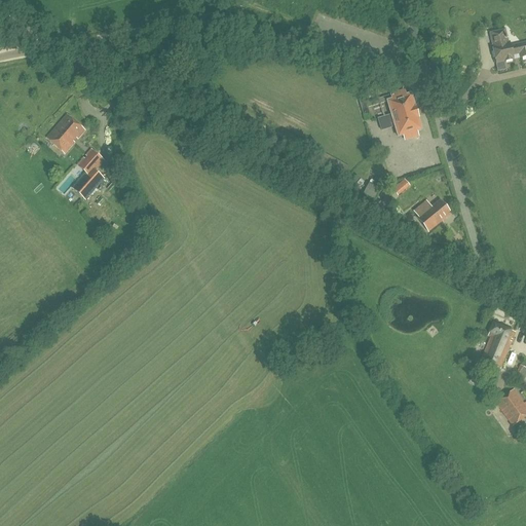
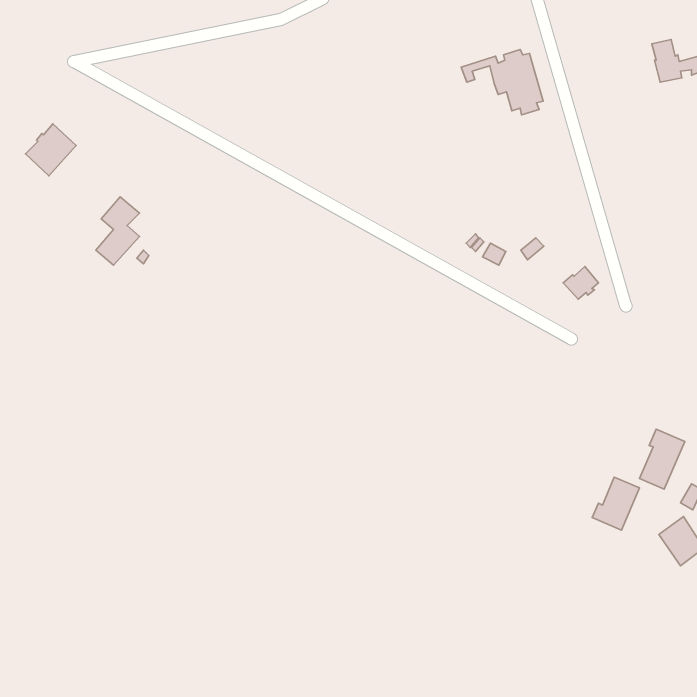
building: [361,90,422,140] -> [461,49,543,115]
building: [47,114,85,153] -> [26,124,76,176]
building: none -> [592,477,640,530]

